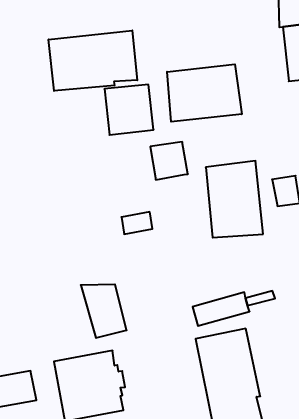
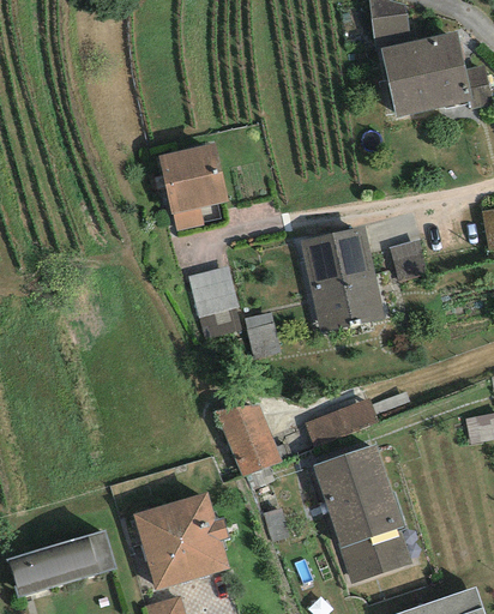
building: [49,30,137,91] -> none
building: [167,64,242,122] -> none
building: [150,142,188,180] -> [187,265,240,318]
building: none -> [245,312,279,360]
building: [81,284,127,338] -> [215,404,281,476]

